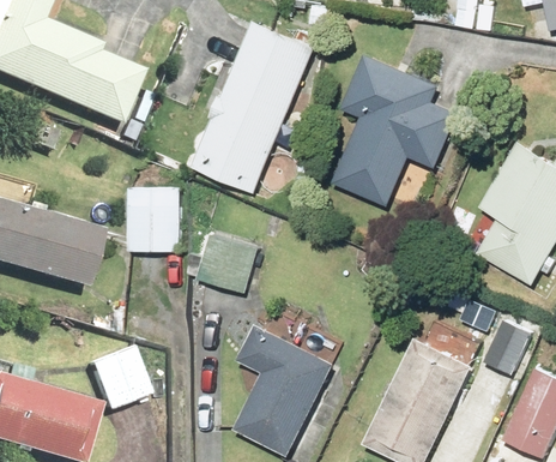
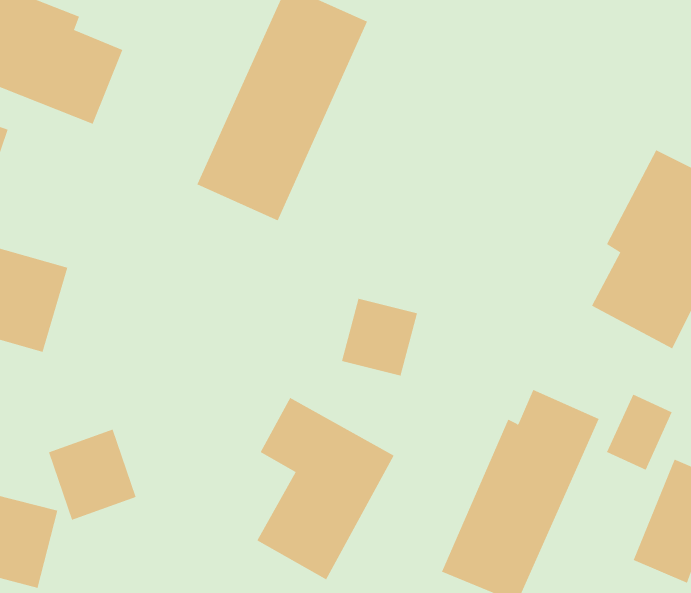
building: [331,52,466,203] -> none
building: [128,182,181,295] -> none
building: [200,232,255,288] -> [341,298,418,376]

